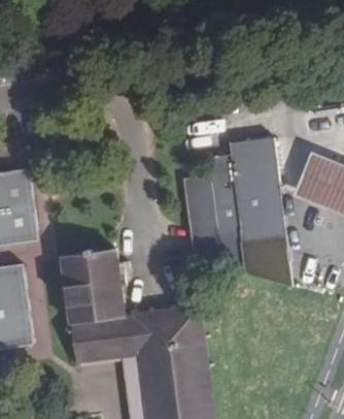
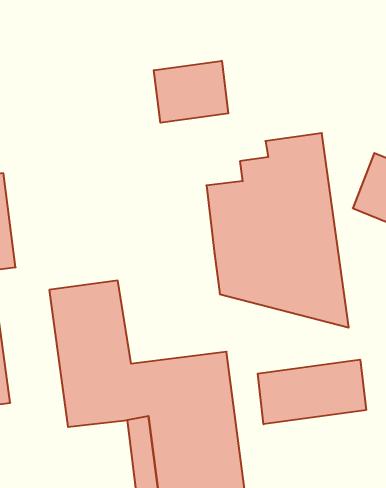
building: none -> [154,61,228,123]
building: none -> [258,360,366,424]

